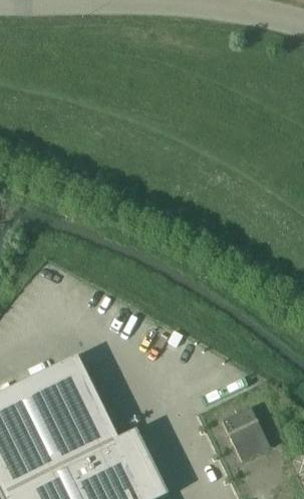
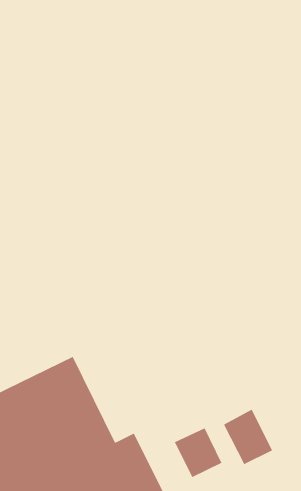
building: none -> [174,428,222,478]

